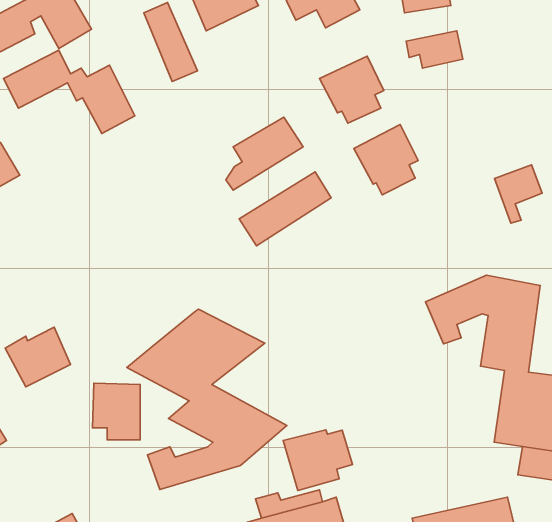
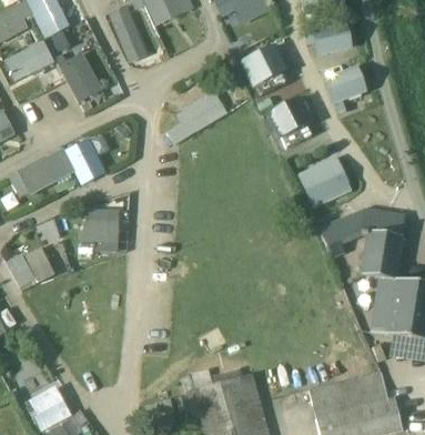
building: [494,165,542,223] -> [325,69,361,112]
building: [239,172,331,246] -> none
building: none -> [9,138,108,196]
building: none -> [298,162,346,204]
building: [127,309,287,490] -> none
building: [92,383,140,440] -> [83,208,119,250]
building: [283,430,353,491] -> none

